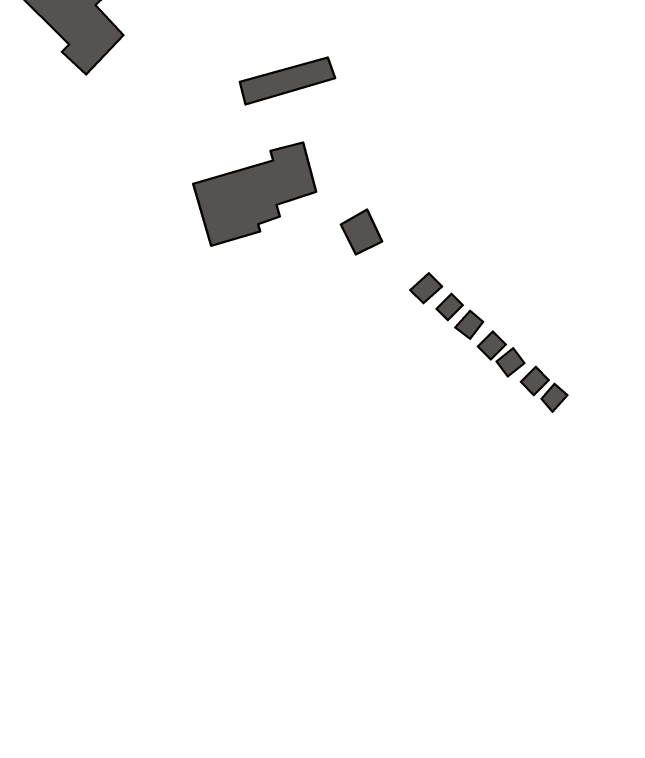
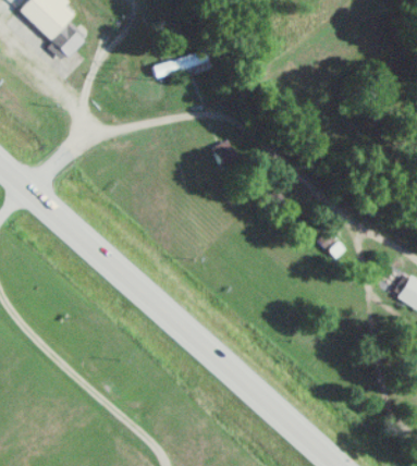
building: [193,143,316,246] -> none

